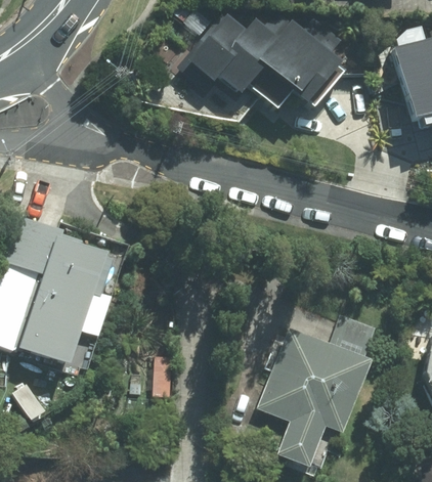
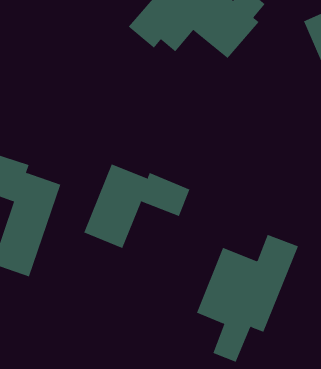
building: none -> [83,164,190,249]

